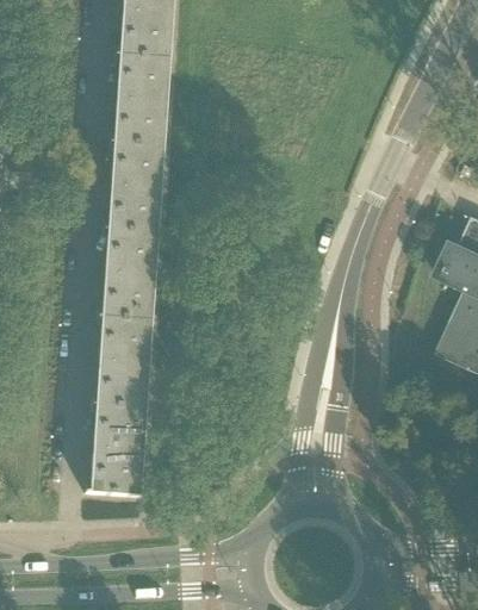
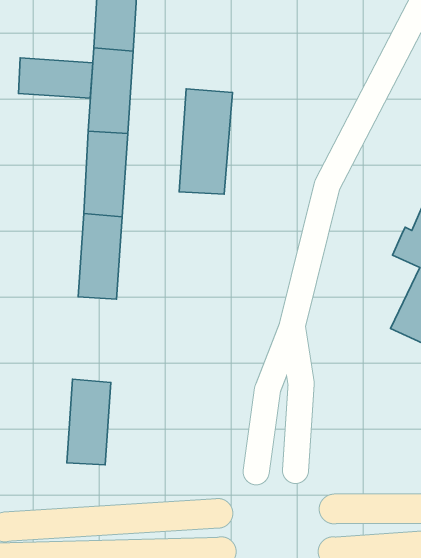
building: none -> [18,58,93,98]
building: none -> [179,89,232,194]
building: [99,319,145,410] -> none

